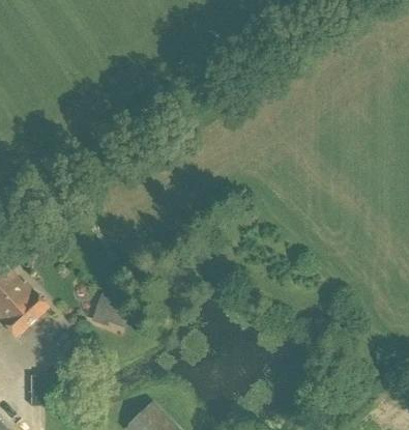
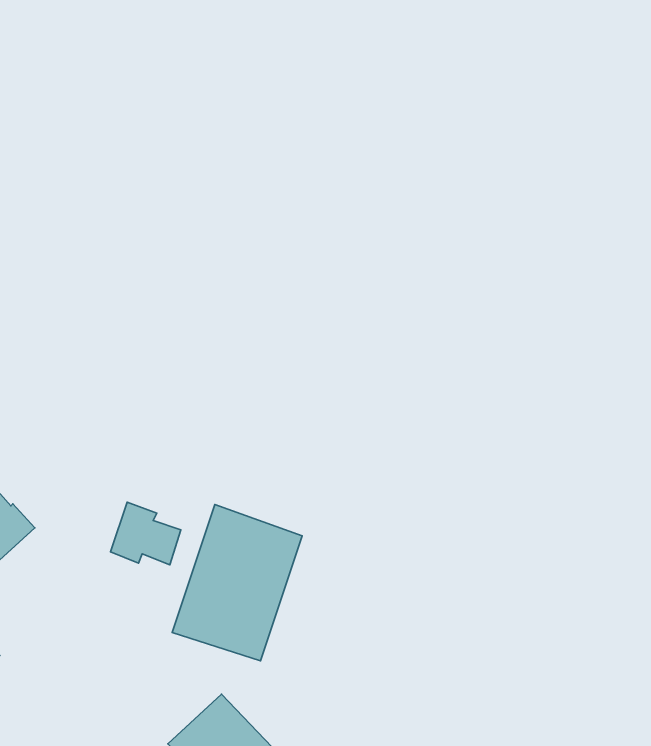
building: none -> [172,505,302,661]

